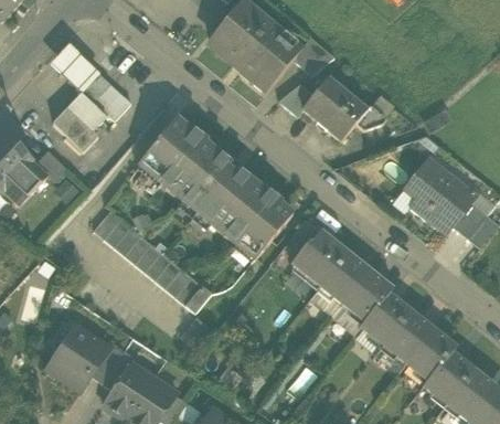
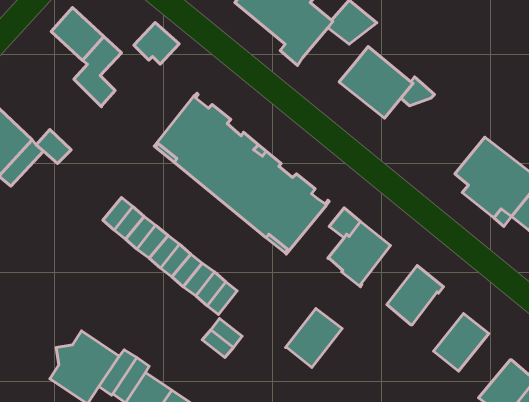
building: [92,83,131,119] -> [134,23,179,64]
building: [277,83,313,116] -> none
building: [53,106,98,151] -> none
building: [320,252,370,304] -> [286,308,342,368]
building: [360,293,411,344] -> none
building: [406,329,456,380] -> none

